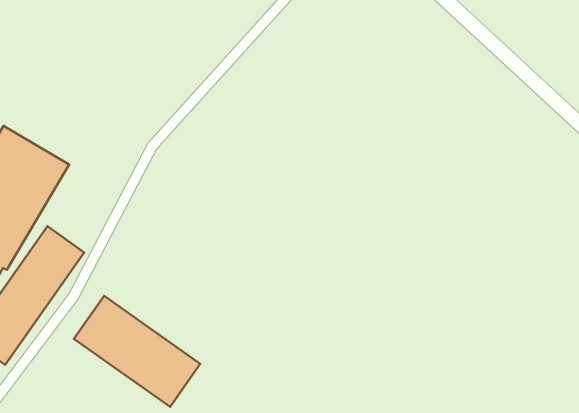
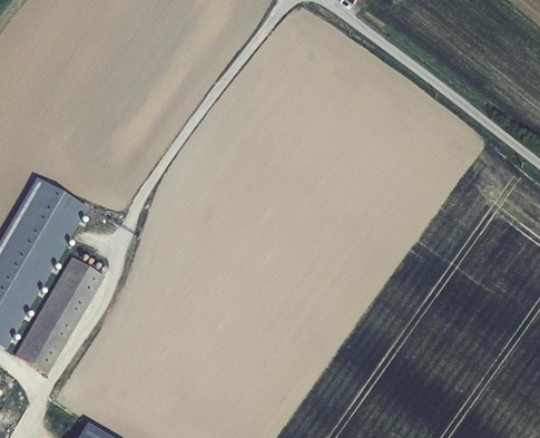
building: [74,296,200,407] -> none

